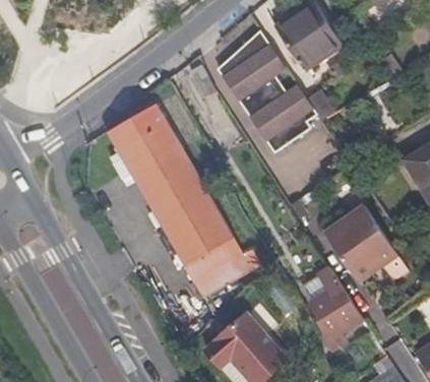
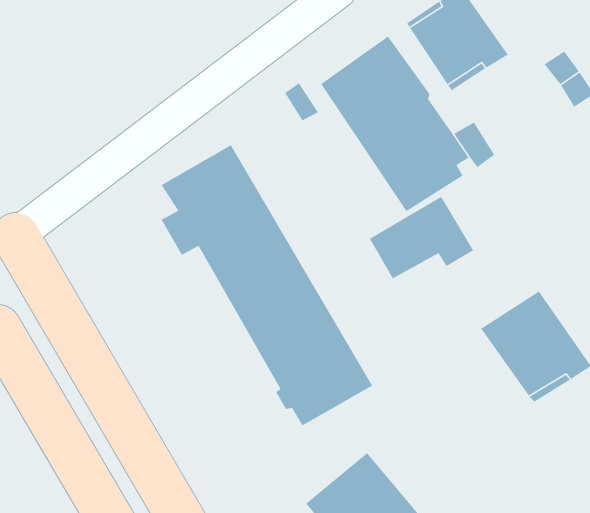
building: none -> [369,196,474,280]
building: [313,264,364,338] -> none

